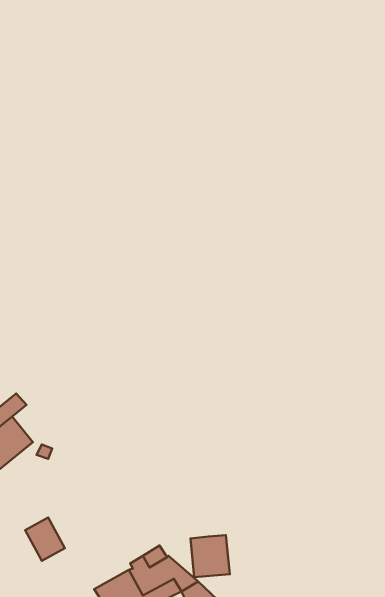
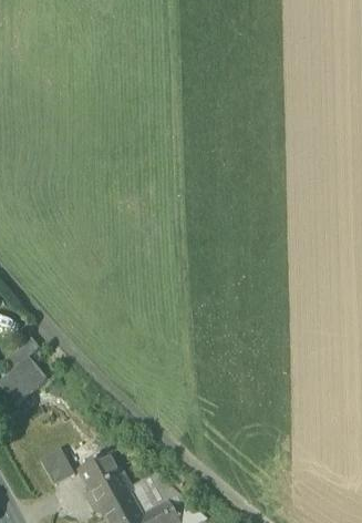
building: none -> [77,454,132,512]
building: [190,535,230,577] -> none

